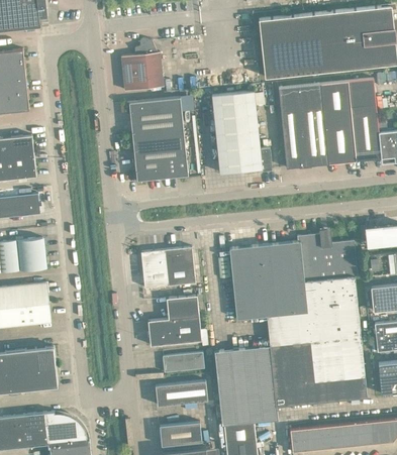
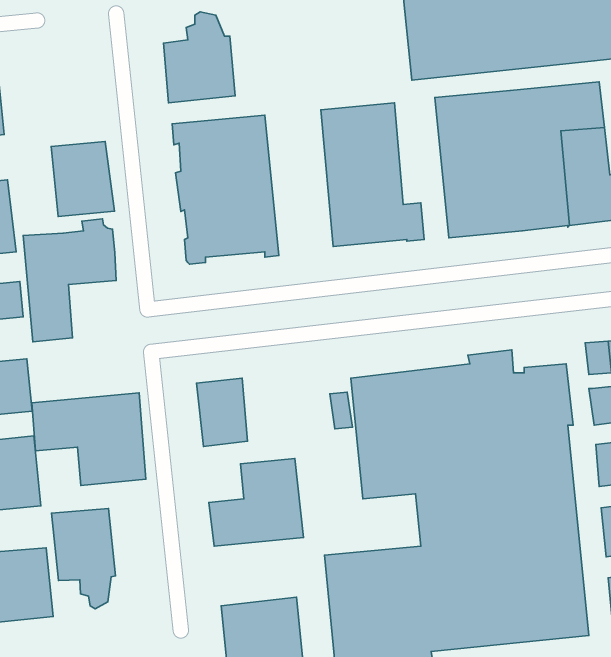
building: none -> [51,141,114,216]
building: none -> [23,219,116,342]
building: [167,247,195,286] -> none
building: none -> [32,393,146,485]
building: none -> [52,509,115,609]
building: [163,352,204,372] -> none

